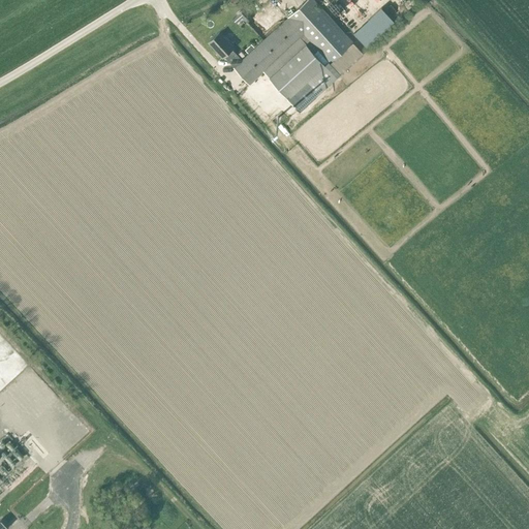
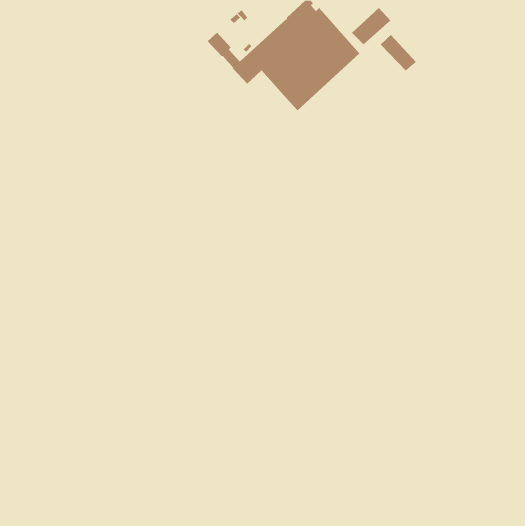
building: none -> [380,34,417,72]

